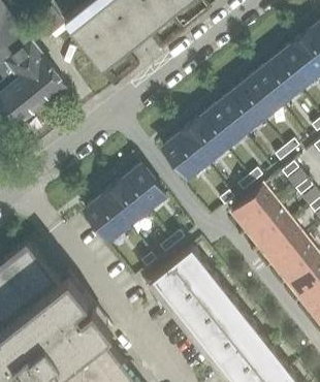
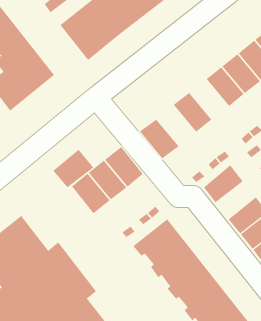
building: [216,90,260,135] -> none
building: [179,119,223,165] -> none
building: none -> [53,149,94,188]
building: [245,204,291,248] -> none

